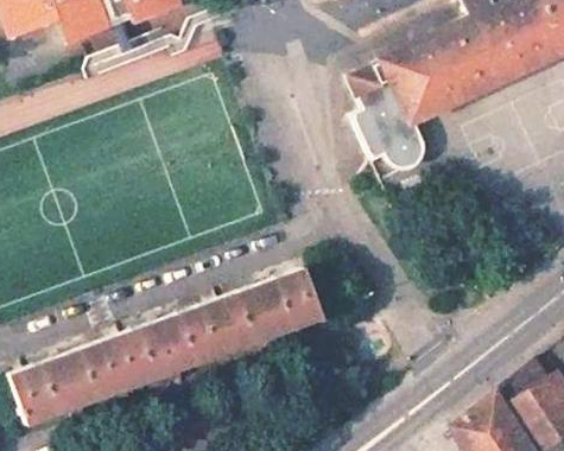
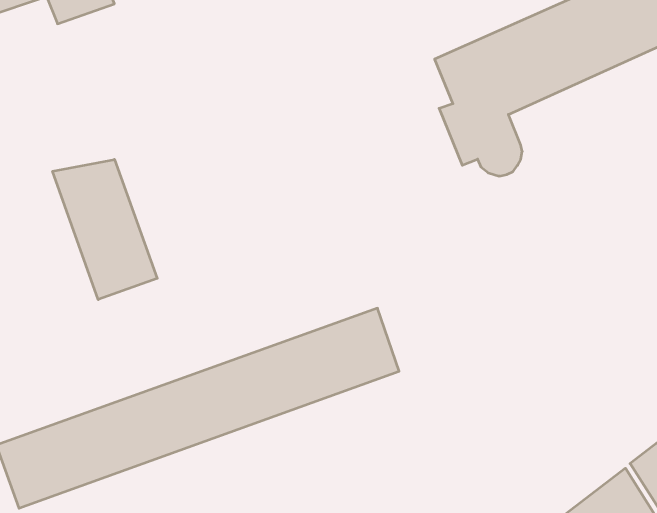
building: none -> [53,159,157,300]

